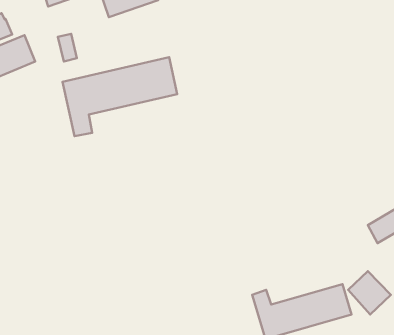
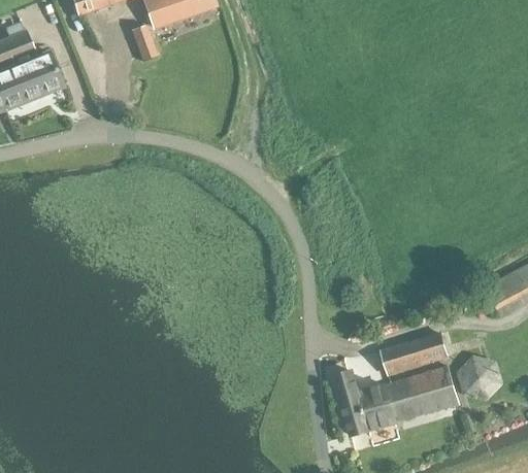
building: [58,34,77,62] -> [134,24,158,59]
building: [62,57,177,136] -> none
building: none -> [382,334,450,376]

